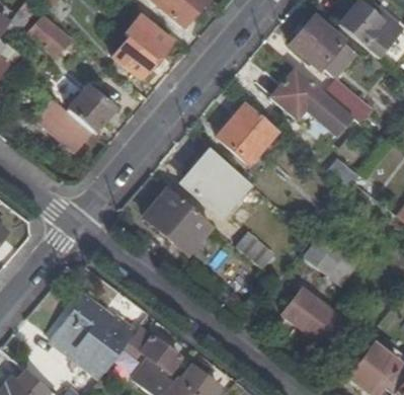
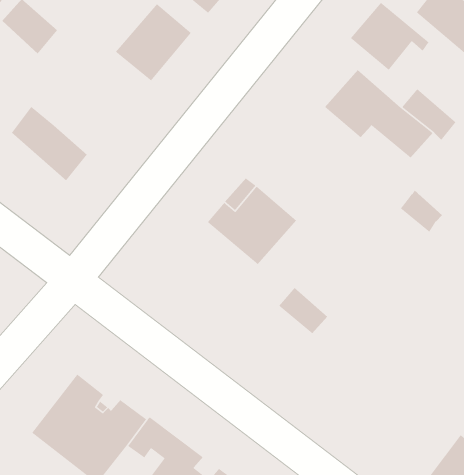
building: [68,82,115,132] -> none
building: [217,102,277,163] -> none
building: [145,186,211,250] -> none
building: [302,233,359,288] -> none
building: [281,287,351,350] -> none

